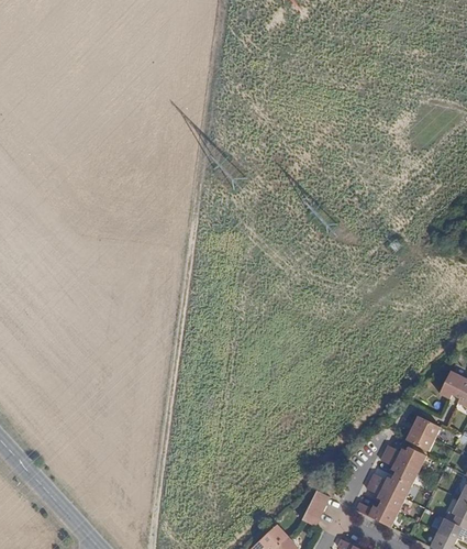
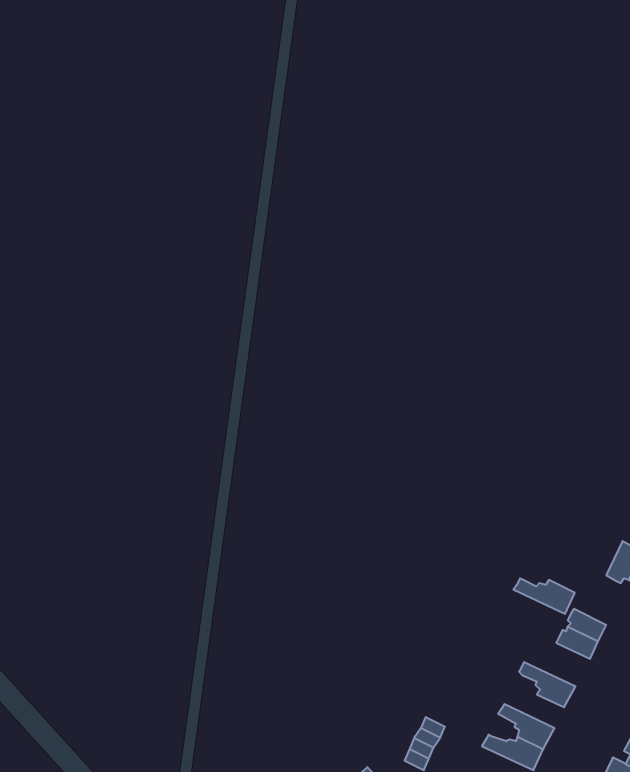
building: [383,444,425,469] -> [513,578,575,614]
building: [370,473,411,497] -> none

